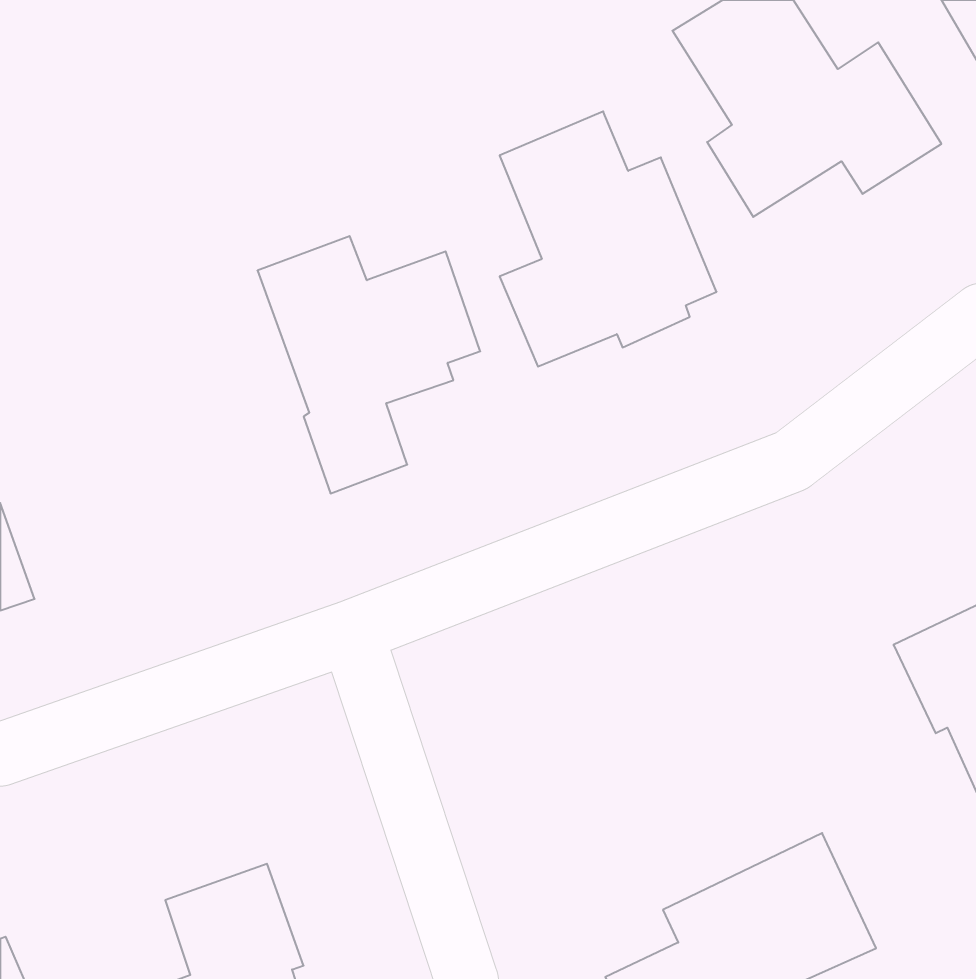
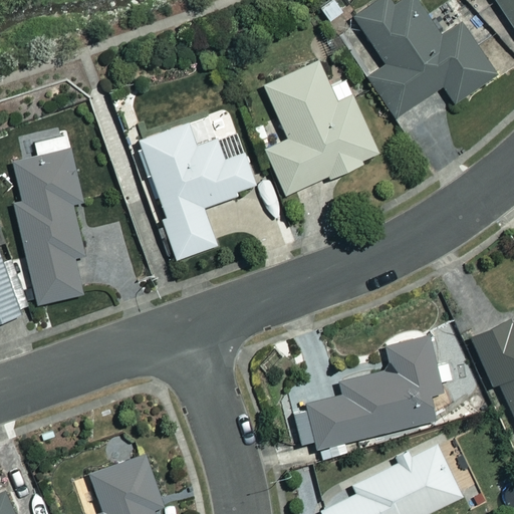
building: none -> [13,135,87,304]
building: none -> [291,335,453,463]

